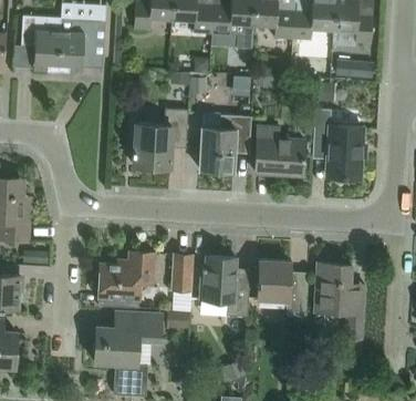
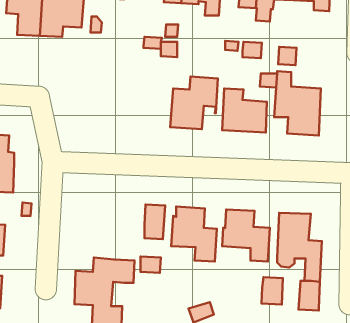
building: [333,59,373,79] -> none
building: [132,109,189,167] -> none
building: [98,251,154,308] -> none
building: none -> [261,277,283,305]

